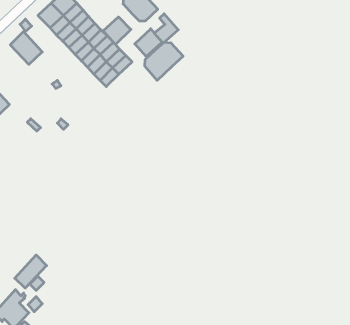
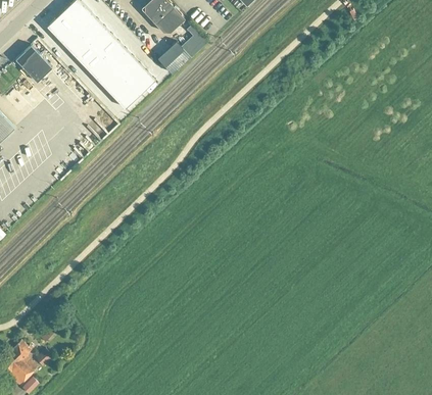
building: [103,17,131,44] -> none
building: [145,42,183,80] -> none
building: [15,255,47,288] -> none

